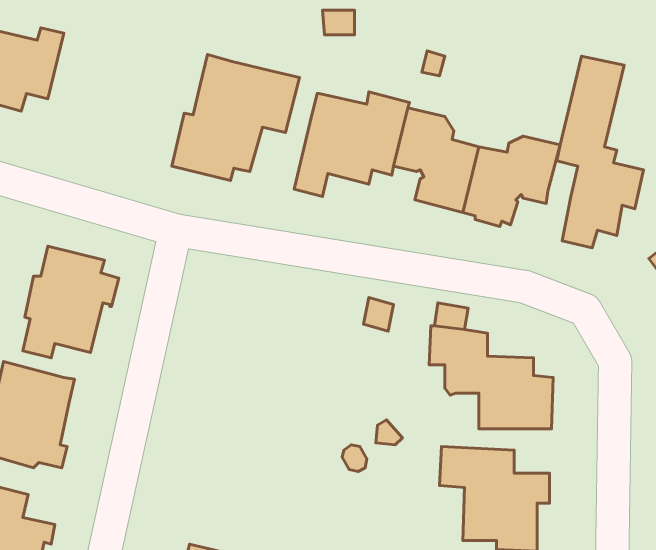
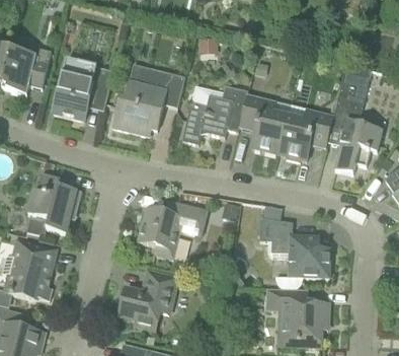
building: none -> [53,59,113,121]
building: none -> [137,203,208,259]
building: none -> [119,271,177,329]

